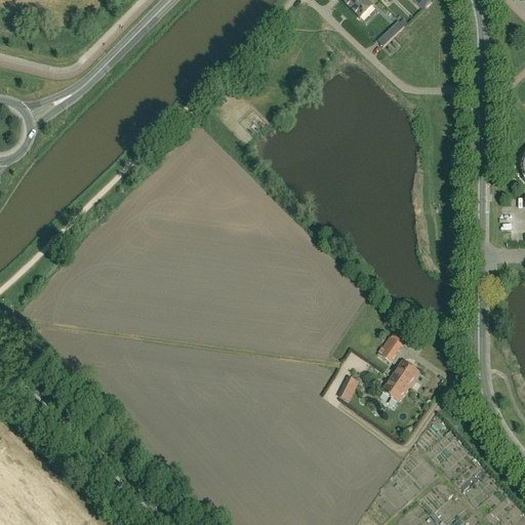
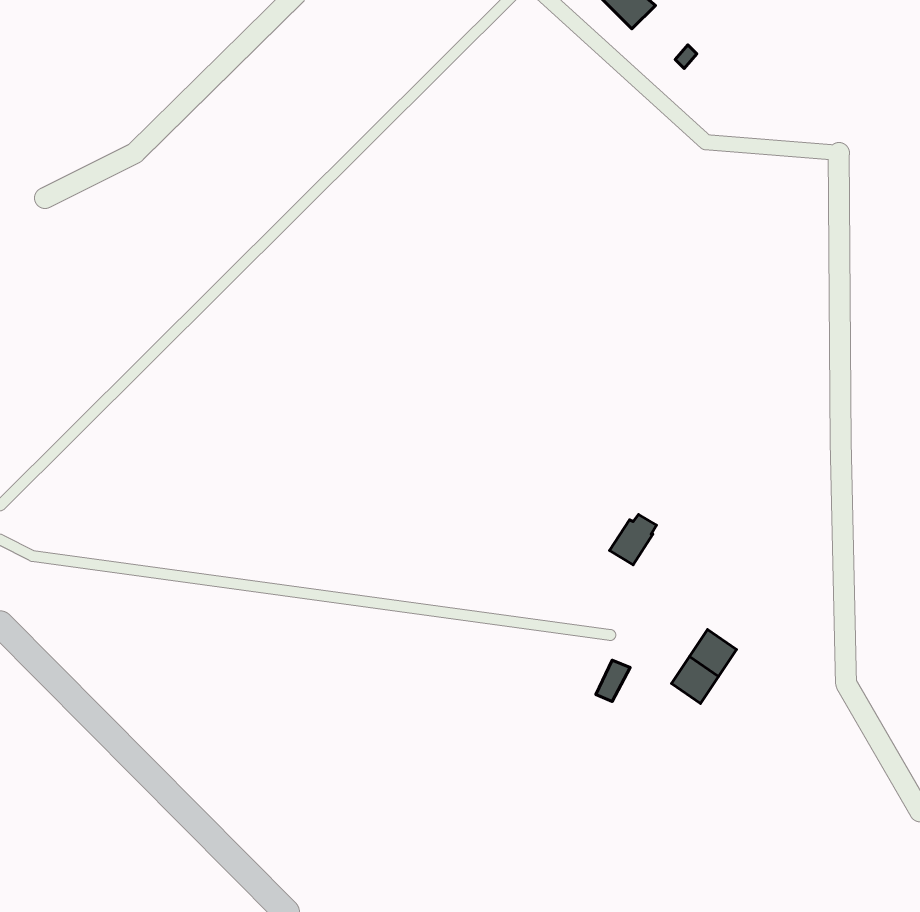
building: [377,331,404,360] -> [610,514,656,565]

